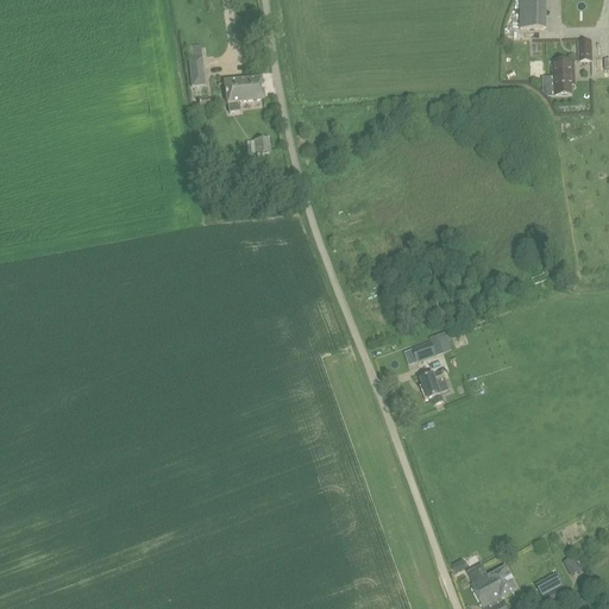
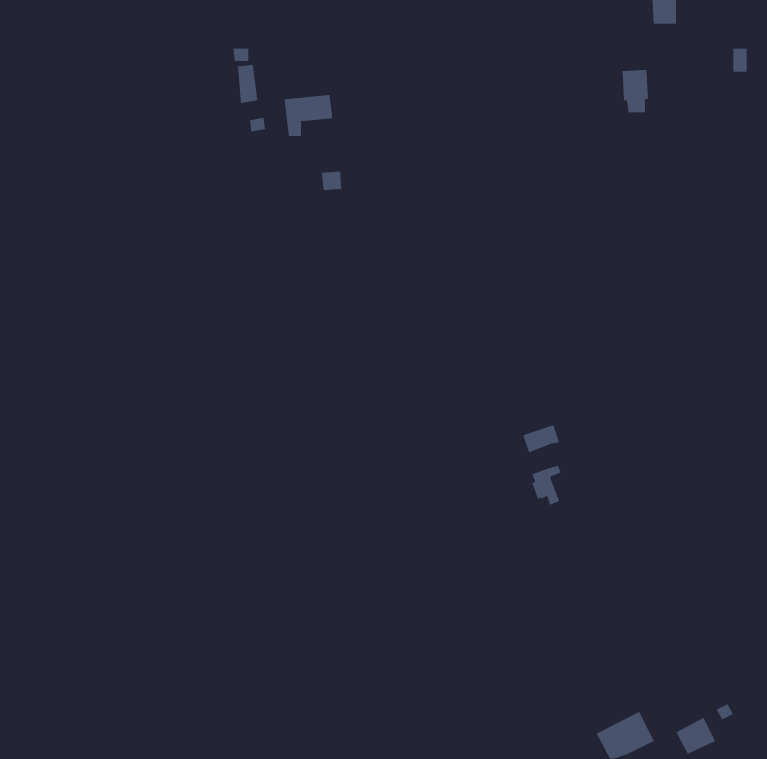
building: [553,57,575,92] -> [622,69,649,113]

